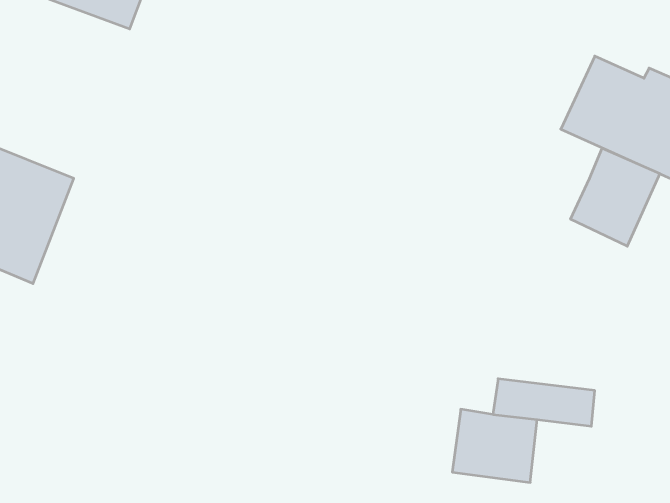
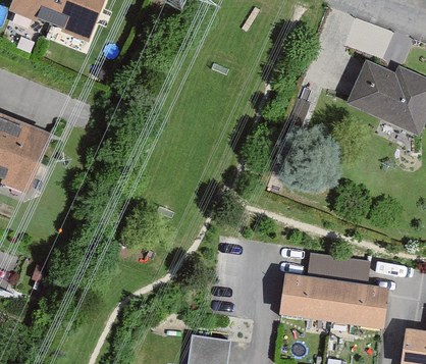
building: [571,148,660,246] -> none
building: none -> [327,278,385,322]

